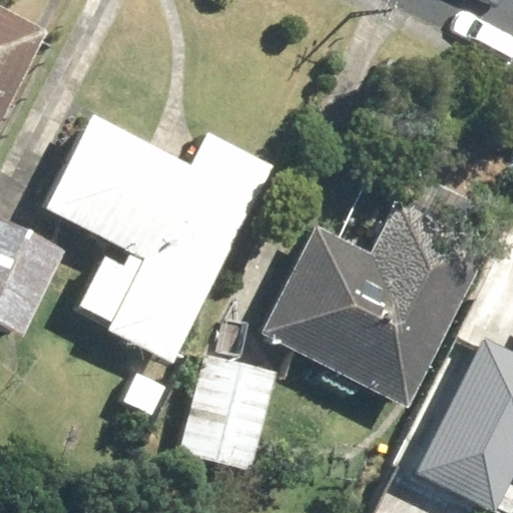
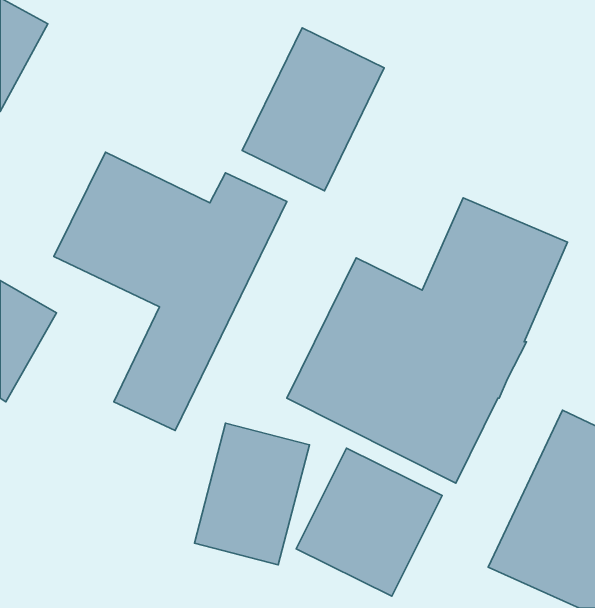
building: none -> [242,28,384,191]
building: none -> [296,448,442,596]

